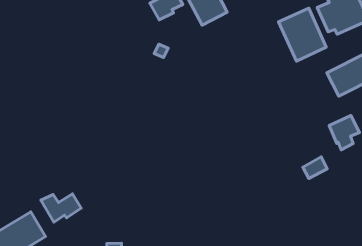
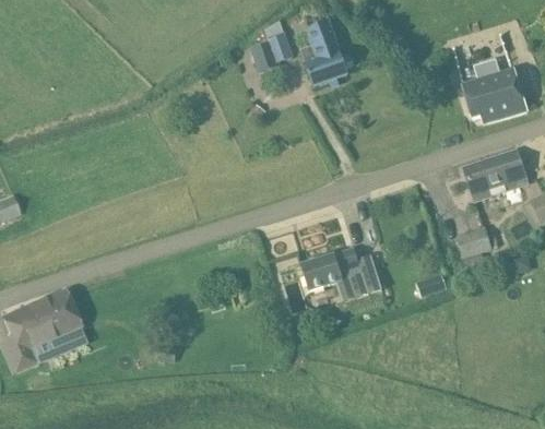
building: [279,8,326,61] -> none
building: none -> [300,247,383,301]
building: [41,194,81,222] -> none

